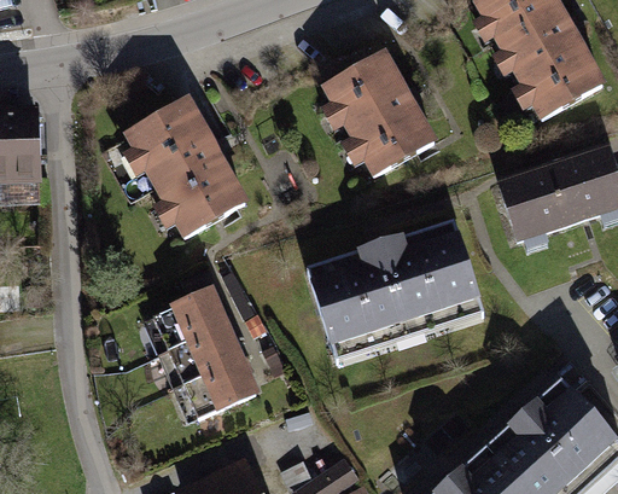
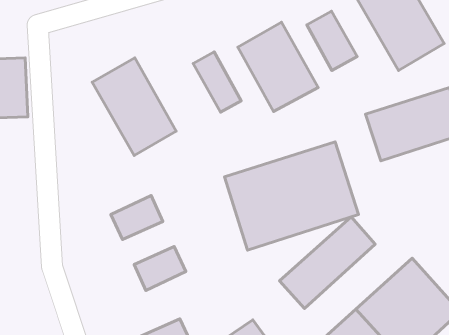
building: none -> [307,11,357,71]
building: none -> [193,52,241,112]
building: none -> [279,217,375,308]
building: [169,325,239,383] -> none

